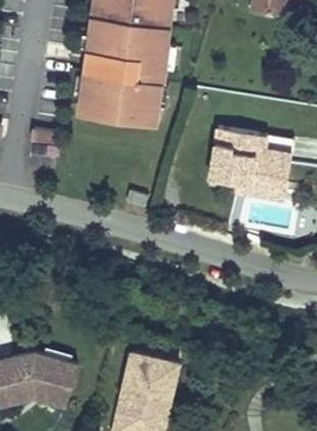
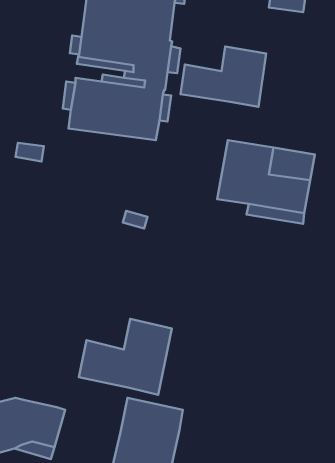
building: none -> [180,47,266,107]
building: none -> [79,319,172,395]

